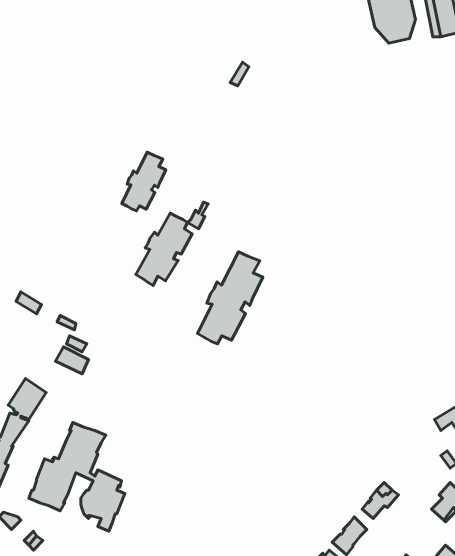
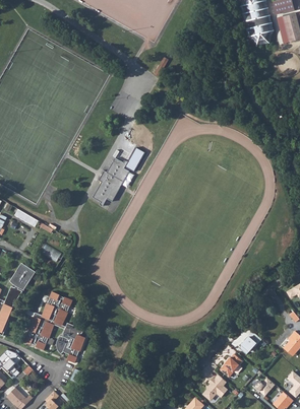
building: [122,152,166,211] -> none
building: [197,252,263,344] -> none

